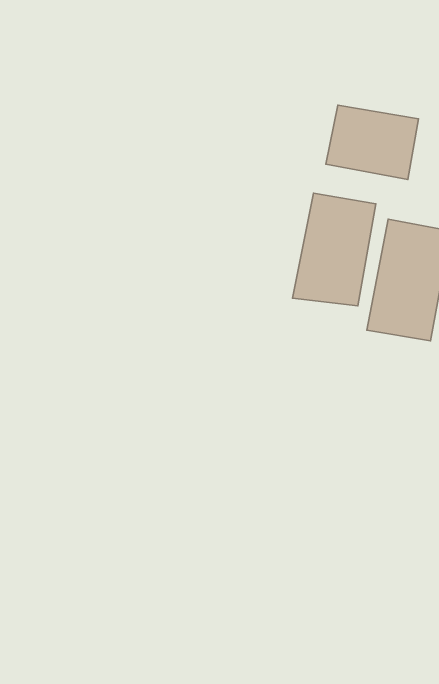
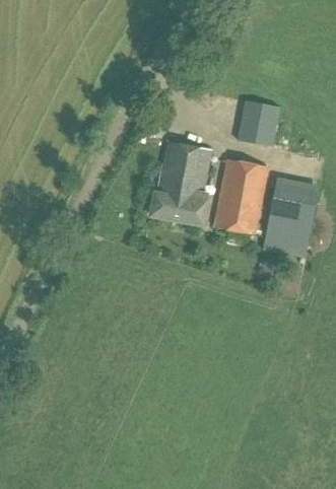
building: none -> [147,138,211,224]

